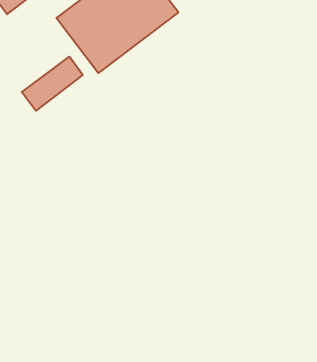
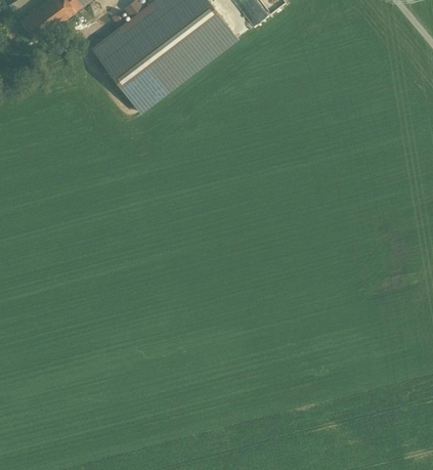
building: [22,57,83,111] -> none

